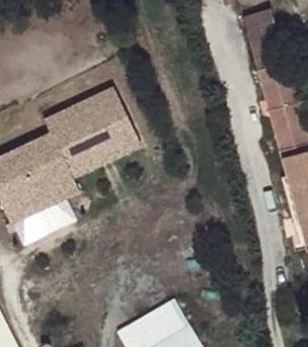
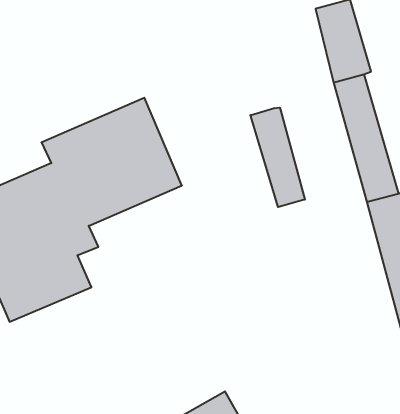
building: none -> [250,108,305,207]

